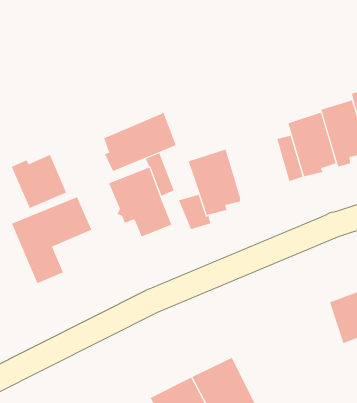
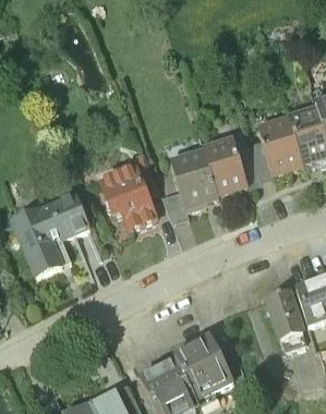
building: [103,112,177,172] -> none
building: none -> [203,138,249,194]
building: [11,154,67,209] -> none
building: none -> [267,290,302,336]

